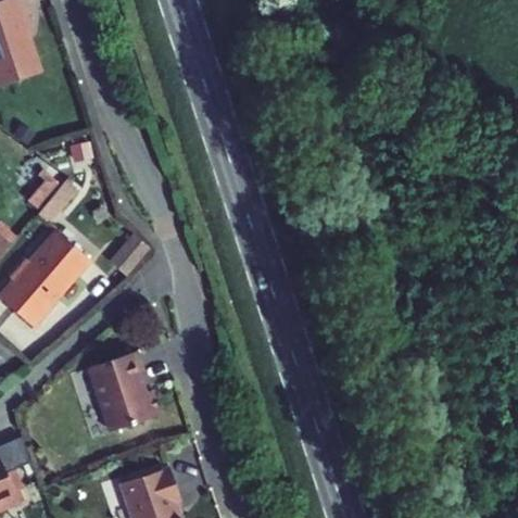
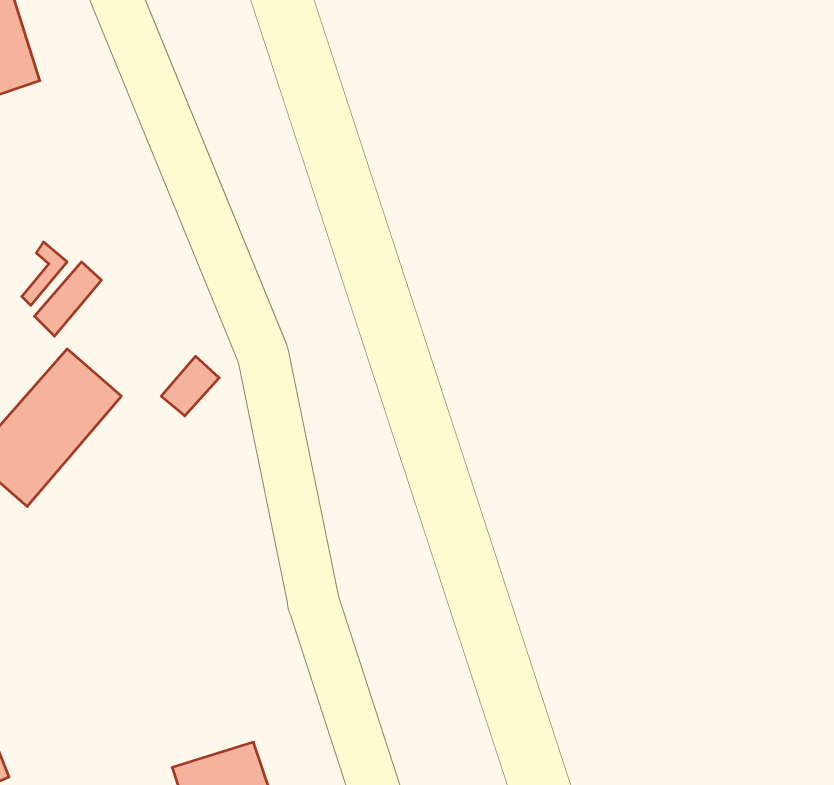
building: [89,350,160,427] -> none

